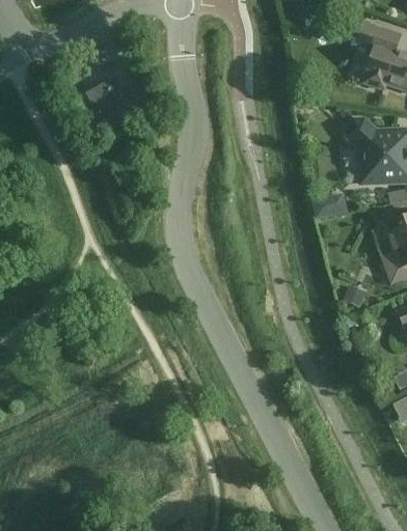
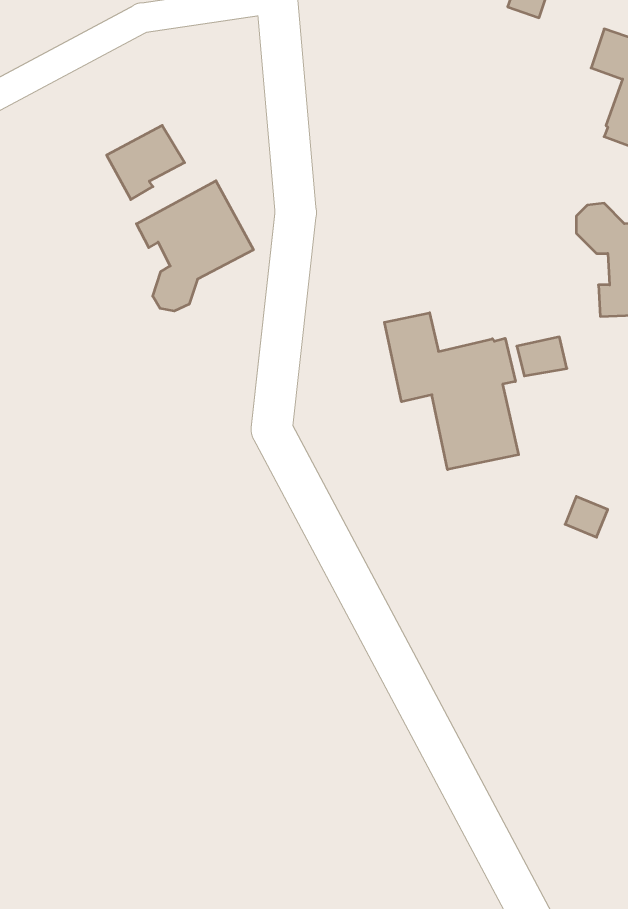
building: none -> [136,181,253,311]
building: none -> [384,313,519,470]

